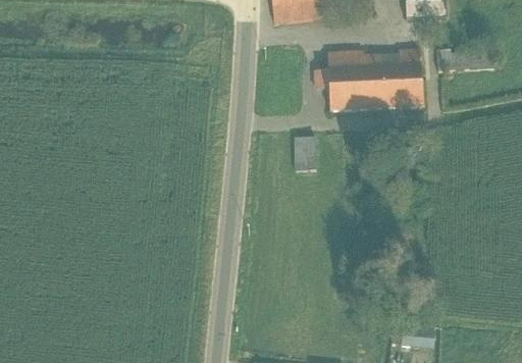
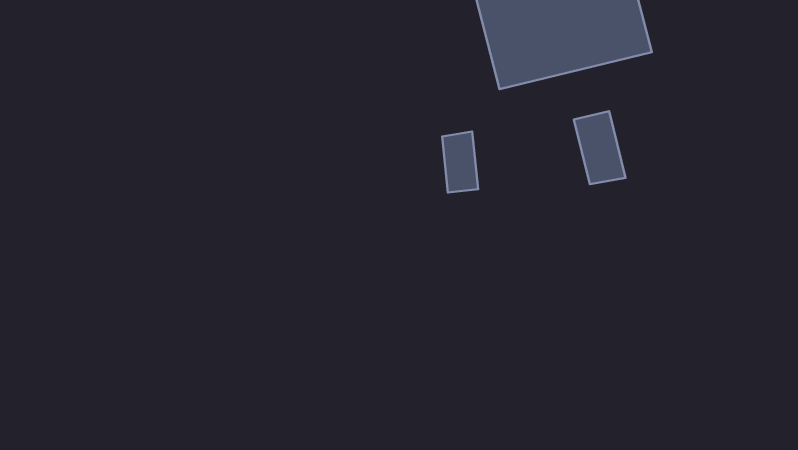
building: none -> [574,111,625,184]

